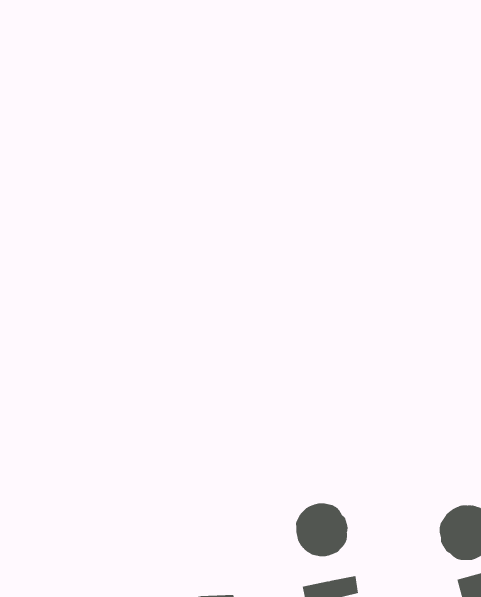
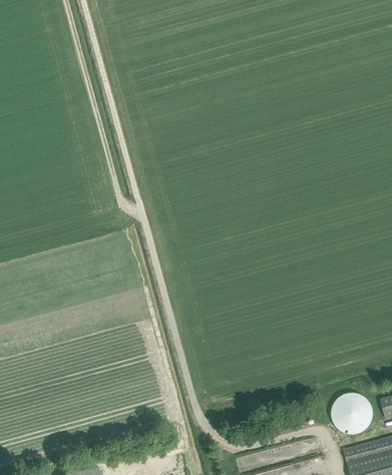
building: [296,503,348,557] -> none

